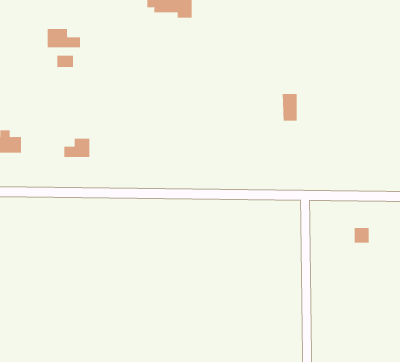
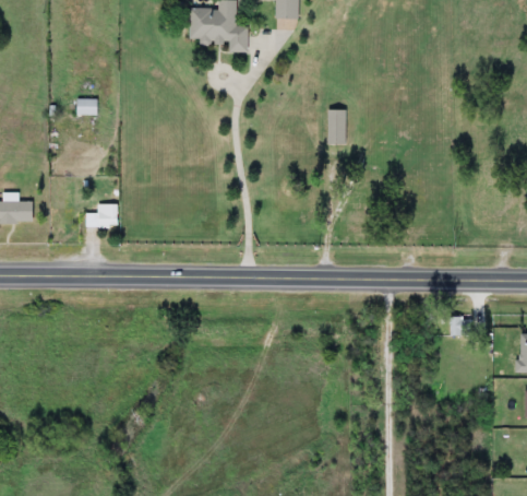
building: [47,28,81,48] -> none
building: [282,94,298,121] -> [327,110,347,145]

